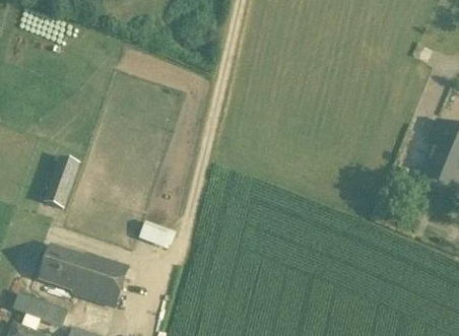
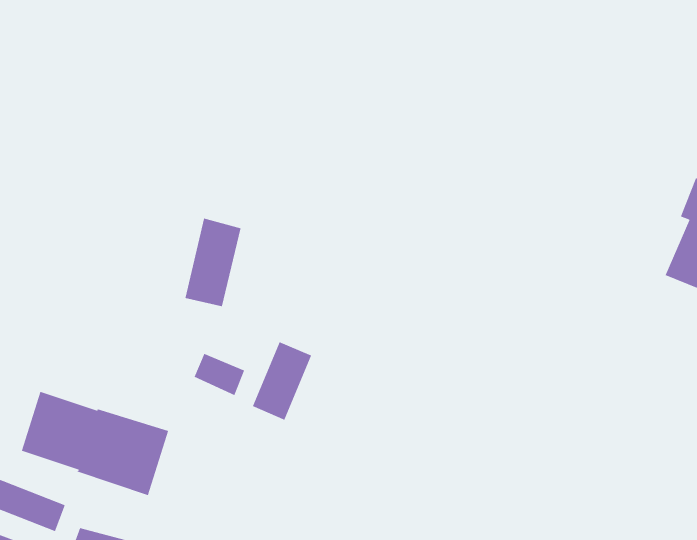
building: [47,152,80,205] -> [184,217,241,307]
building: none -> [252,341,312,421]

